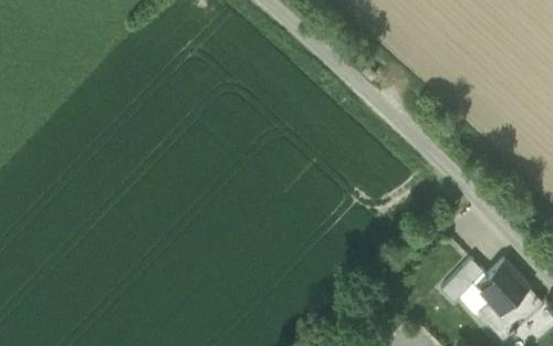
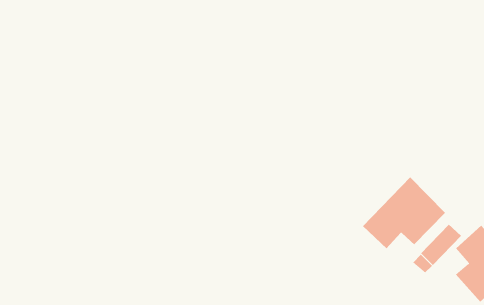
building: none -> [362,177,446,249]

